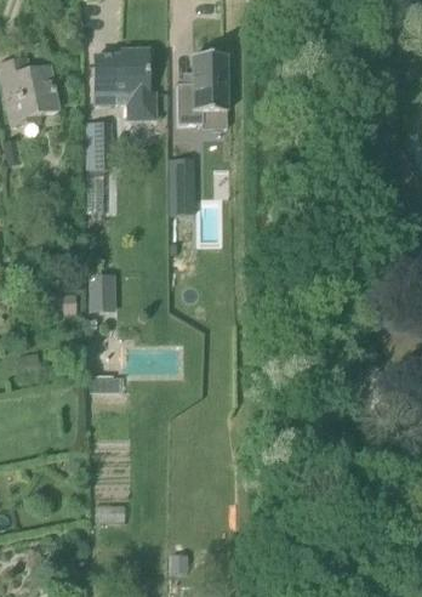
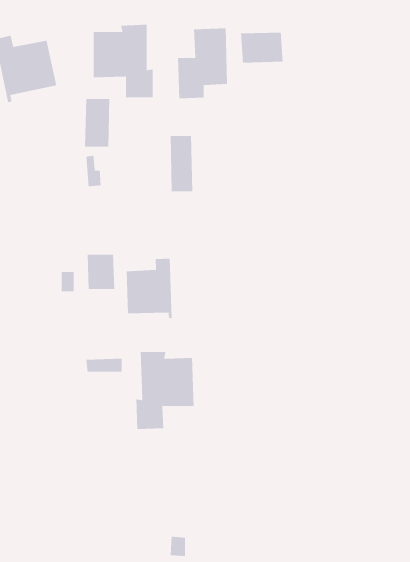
building: none -> [240,32,283,63]
building: none -> [126,258,173,319]
building: none -> [135,351,195,430]

